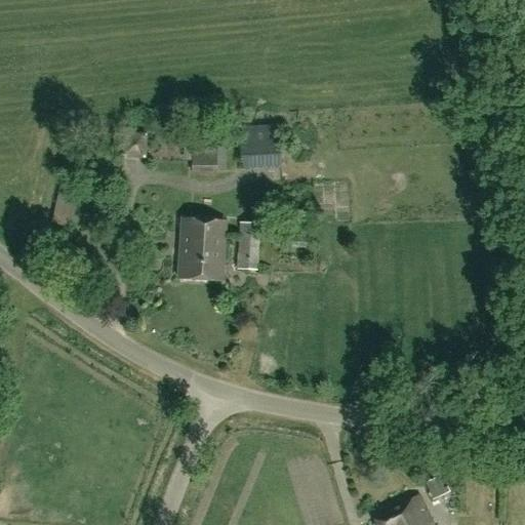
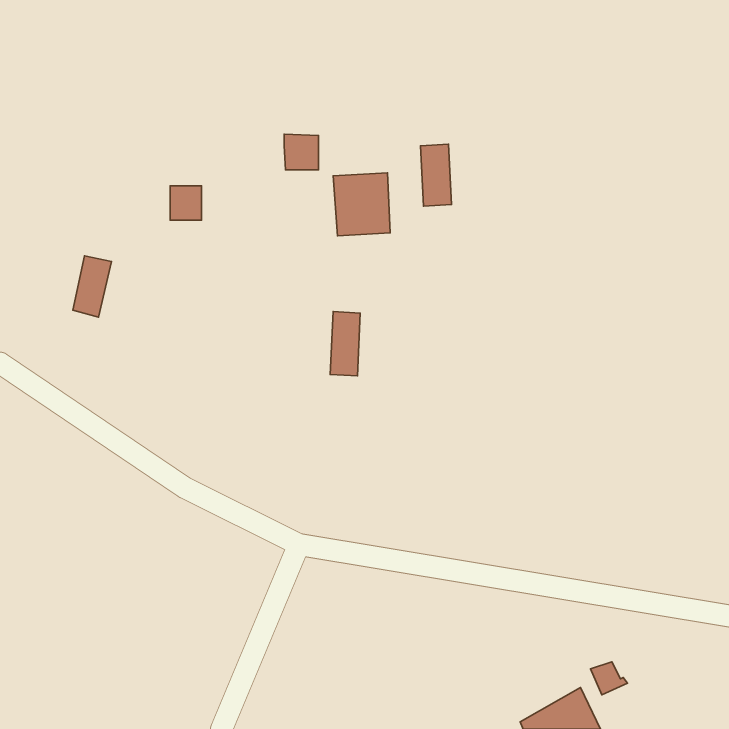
building: none -> [420,144,452,206]
building: [193,147,217,172] -> [284,134,318,170]
building: [179,219,226,280] -> none

